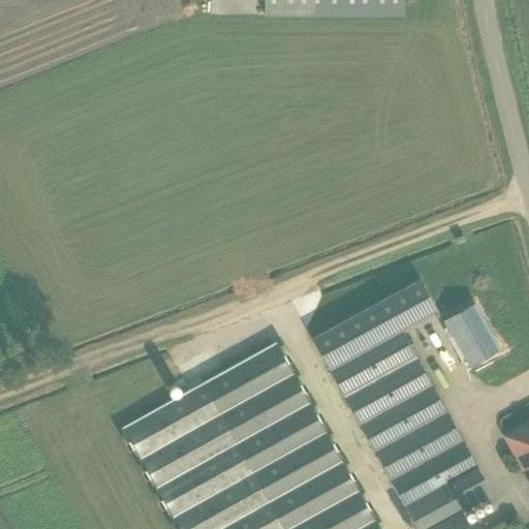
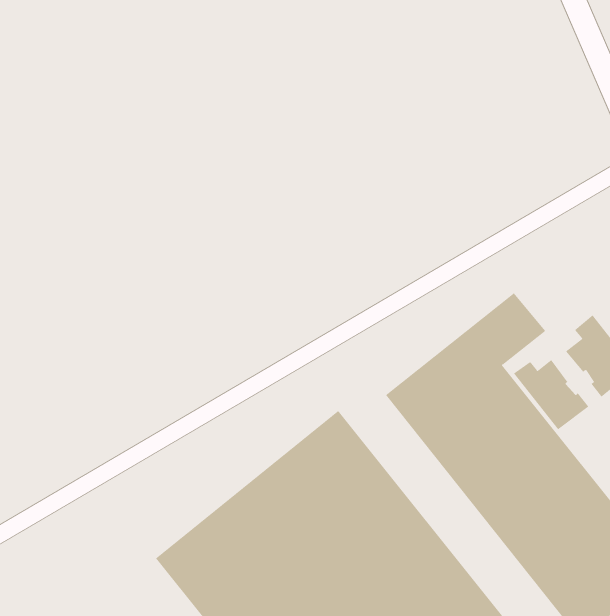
building: none -> [513,359,589,430]

